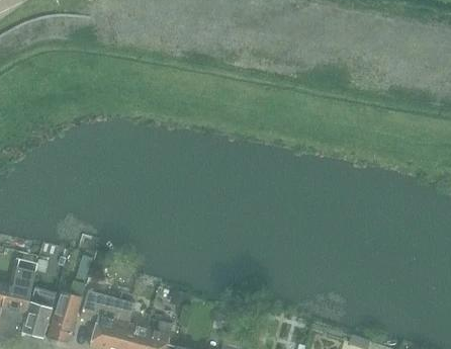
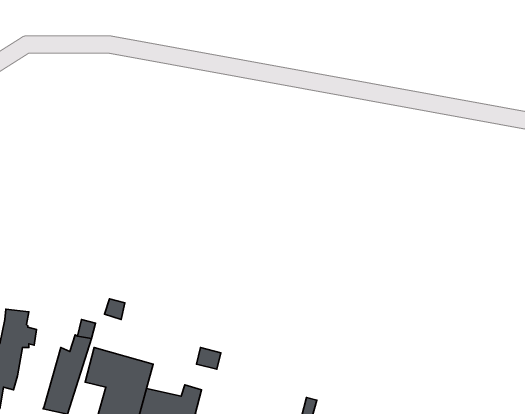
building: [21,300,51,336] -> none

